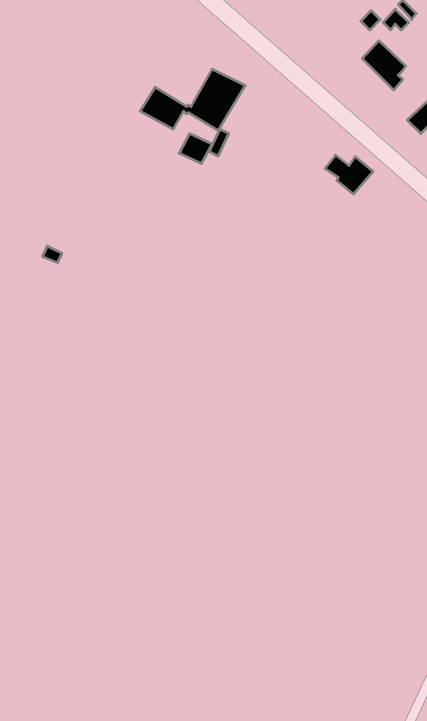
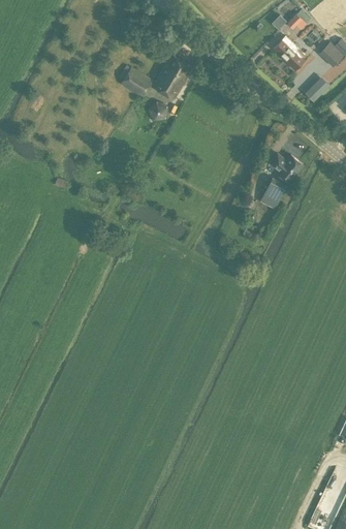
building: [325,155,373,194] -> [270,154,303,181]
building: none -> [260,181,286,209]

